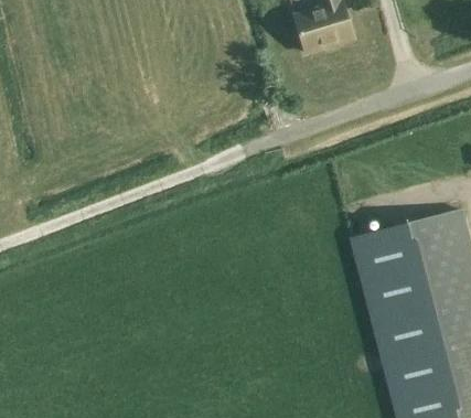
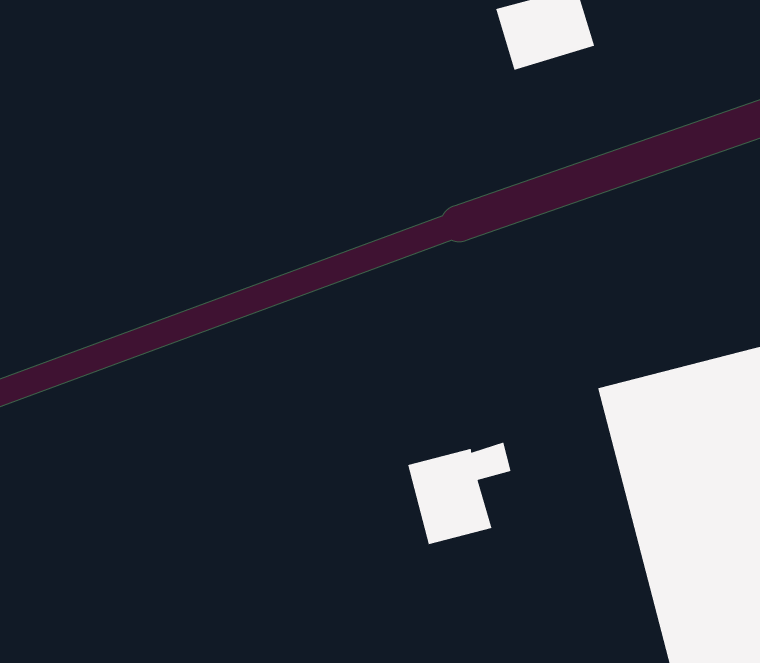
building: none -> [407,441,512,545]

